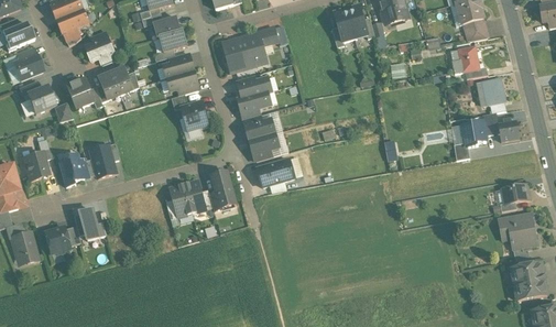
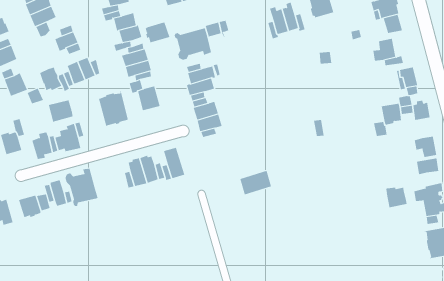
building: none -> [145,21,170,43]
building: none -> [98,90,129,127]
building: none -> [48,99,73,123]
building: [257,157,294,186] -> [239,170,272,195]
building: none -> [414,136,437,158]
building: none -> [65,168,98,207]
building: none -> [386,187,407,208]

